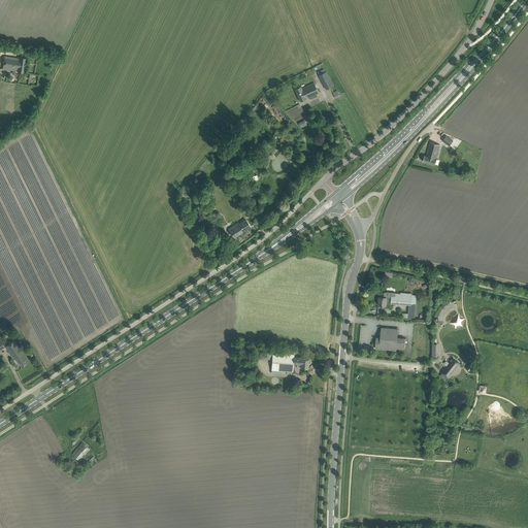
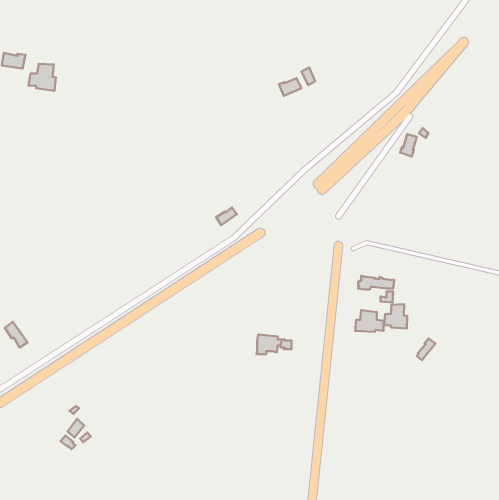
building: none -> [28,64,56,91]
building: none -> [384,304,407,328]

